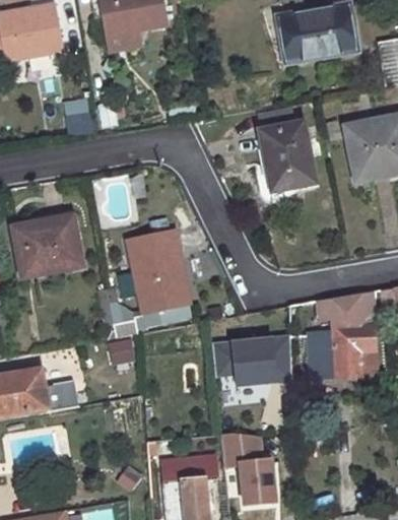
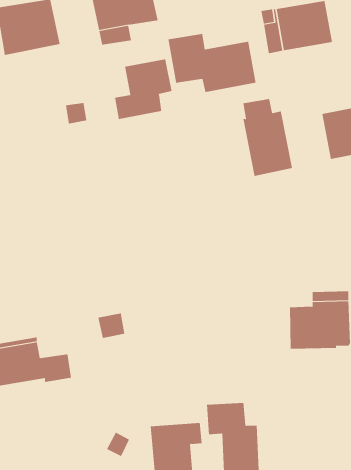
building: none -> [168,33,256,93]
building: none -> [115,59,172,120]
building: [12,221,82,275] -> none
building: [108,231,188,336] -> none
building: [211,336,289,385] -> none

